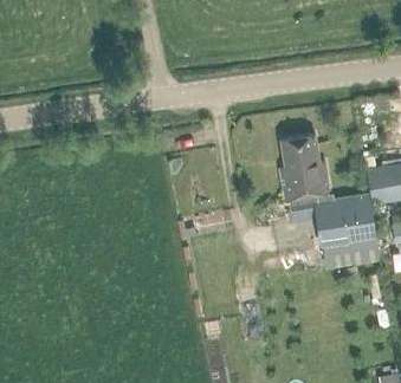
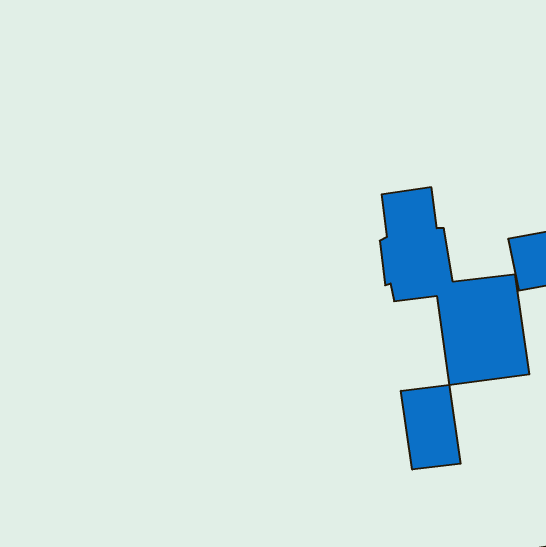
building: none -> [401,385,461,470]

